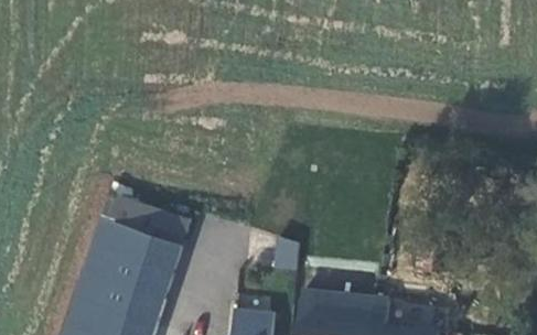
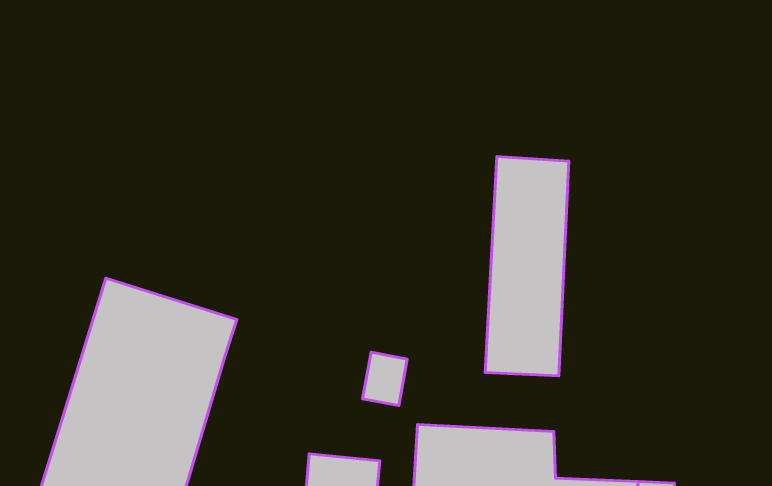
building: none -> [485,157,569,376]

